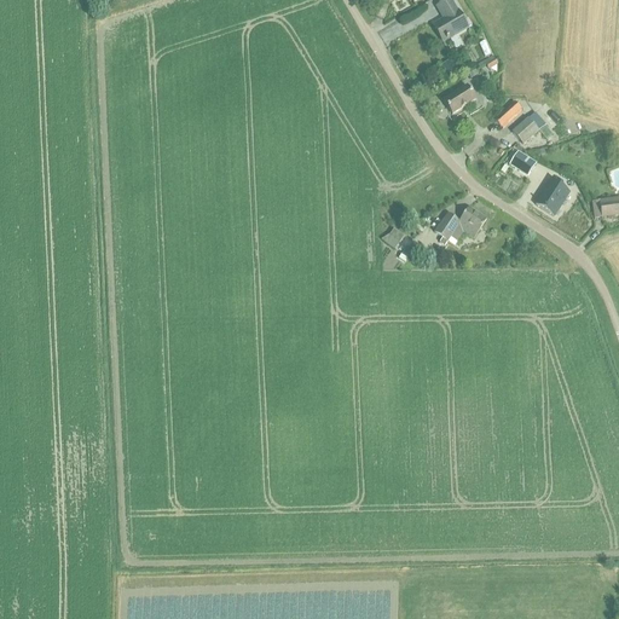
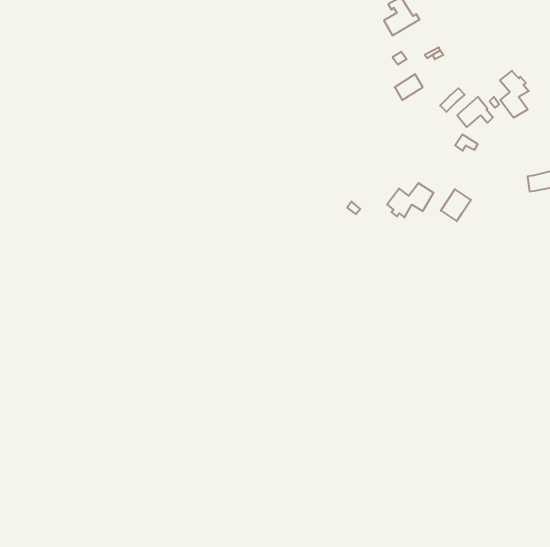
building: none -> [500,71,529,118]
building: [537,178,571,214] -> [441,189,471,221]

